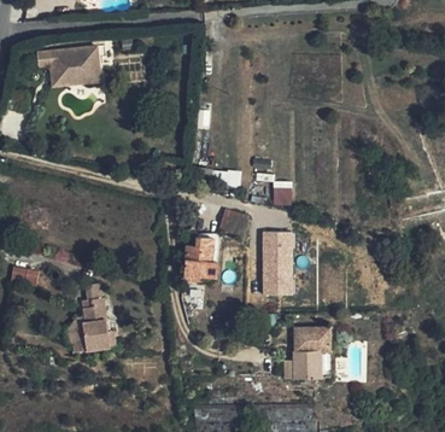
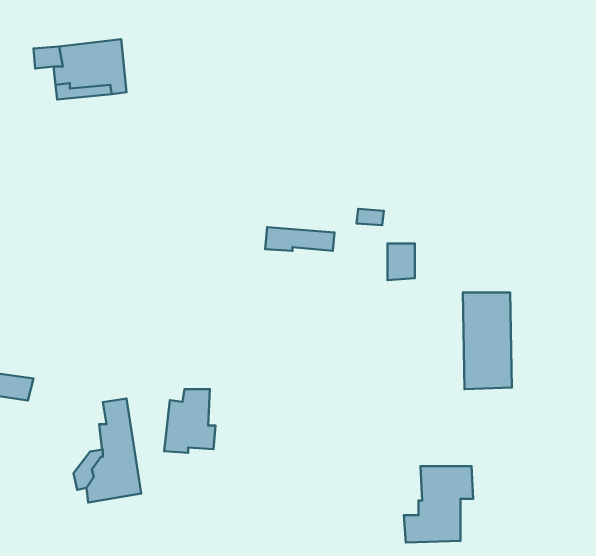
building: [218,209,247,237] -> none
building: [260,232,293,296] -> [463,293,512,389]
building: [183,238,217,280] -> [164,389,215,453]

